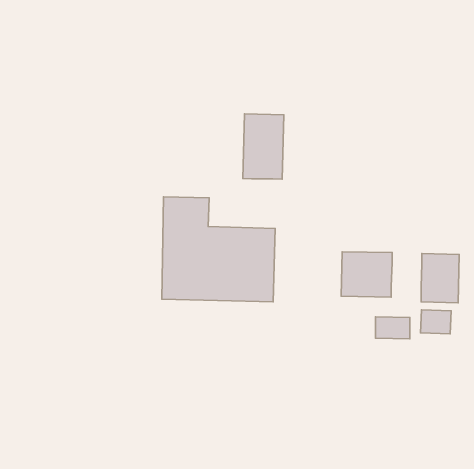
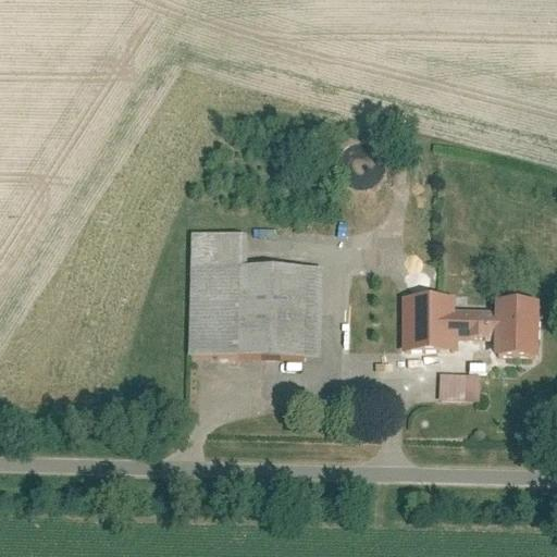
building: [243,114,284,179] -> none
building: [420,310,451,334] -> [458,308,494,336]

